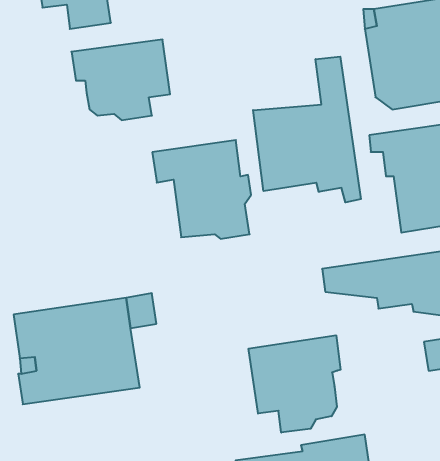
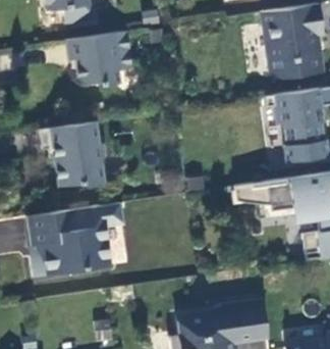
building: [253,57,361,202] -> none
building: [152,140,251,239] -> [40,120,106,187]
building: [249,335,341,433] -> none

